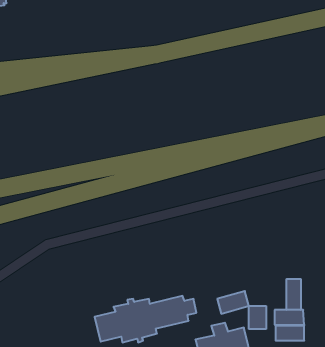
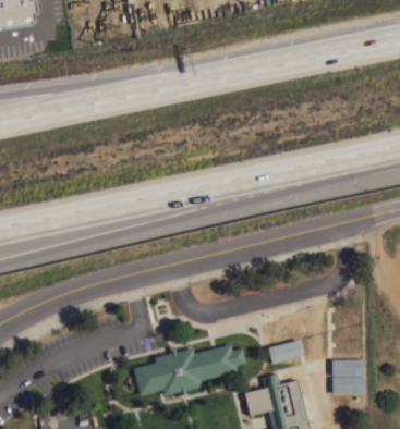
building: [287,279,301,310] -> none
building: [249,306,266,329] -> none

